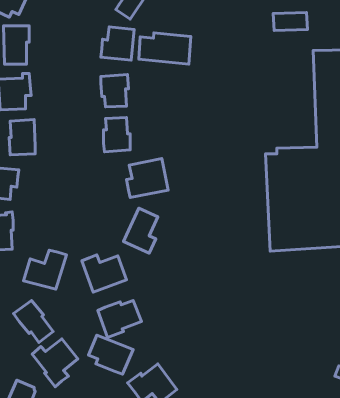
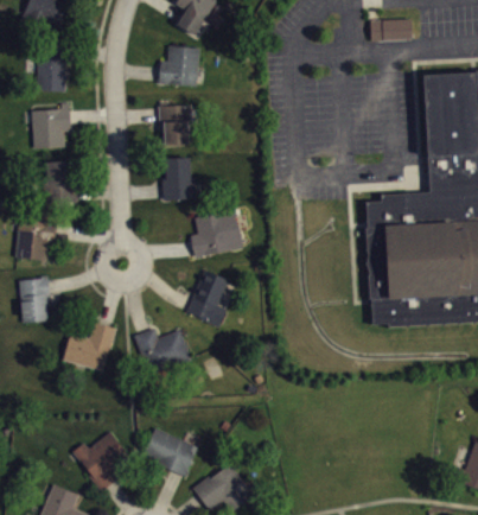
building: [139,33,191,64] -> none
building: [13,300,53,343] -> none
building: [98,301,141,338] -> none

